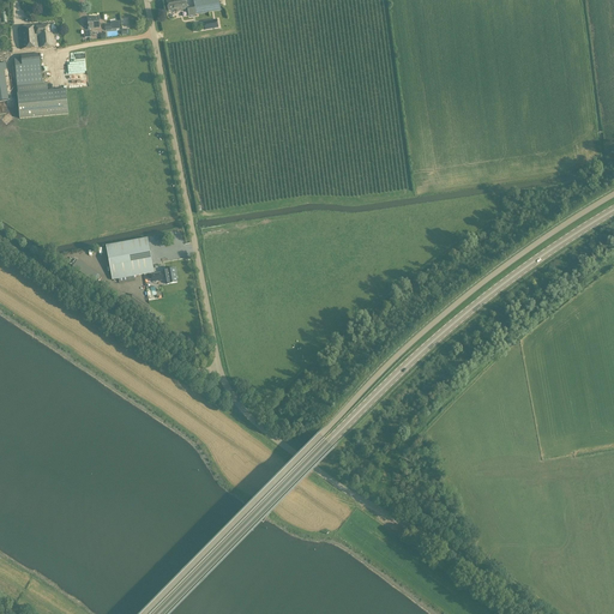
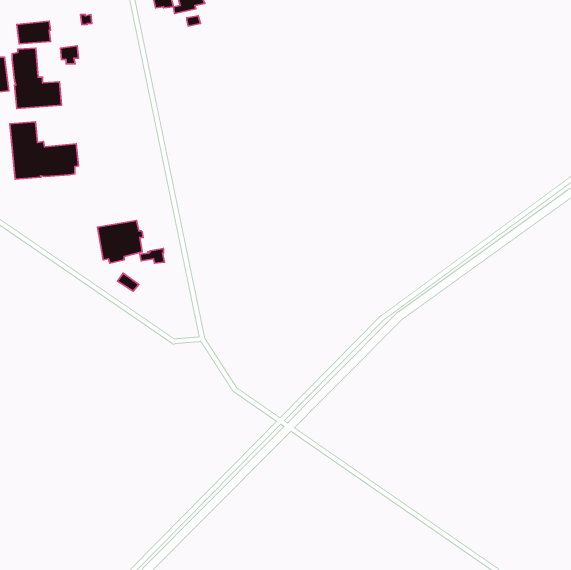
building: none -> [10,122,78,179]

